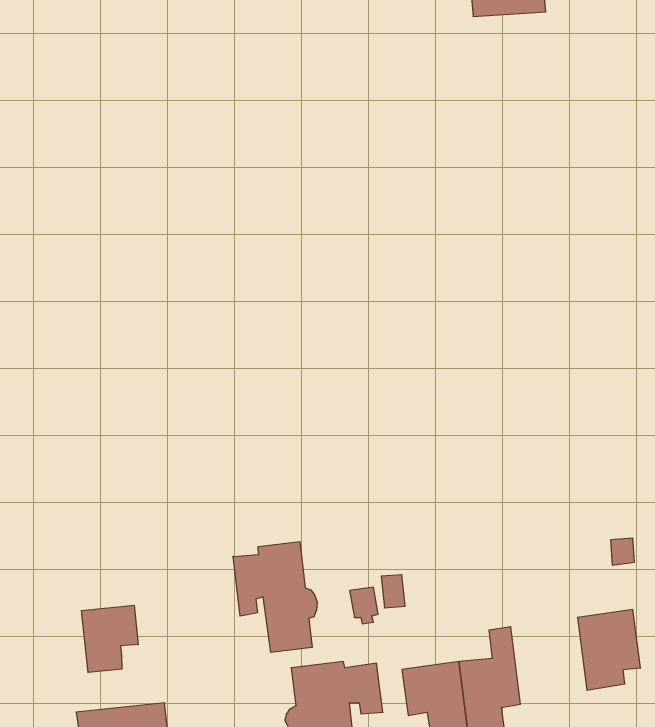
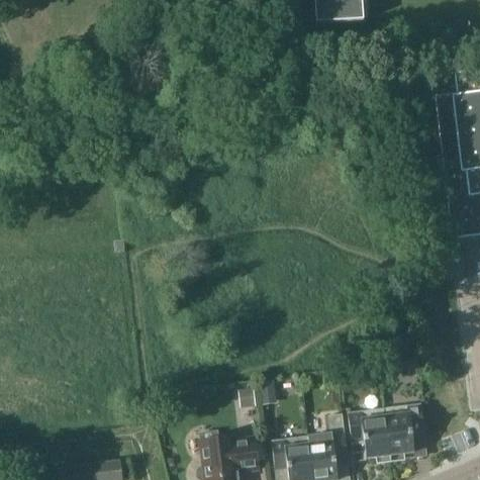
building: [233,542,317,652] -> none
building: [82,605,138,673] -> none
building: none -> [349,407,390,457]

